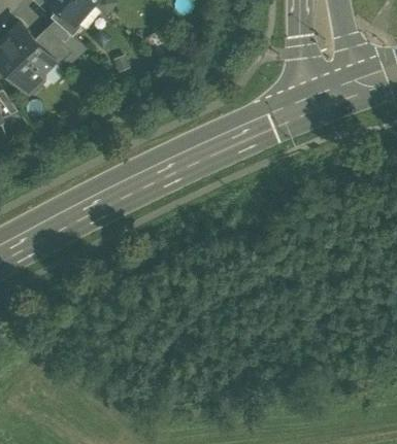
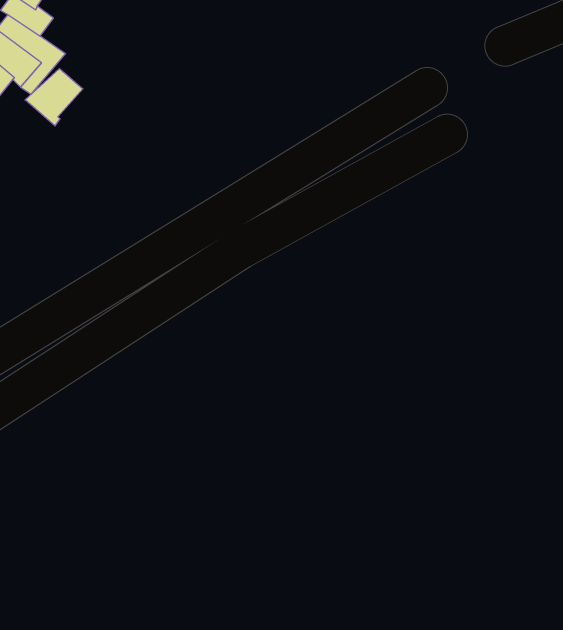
building: none -> [25,69,83,126]

